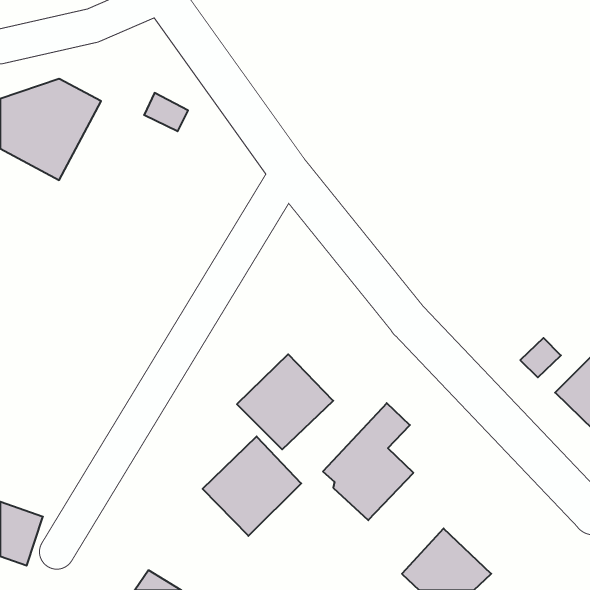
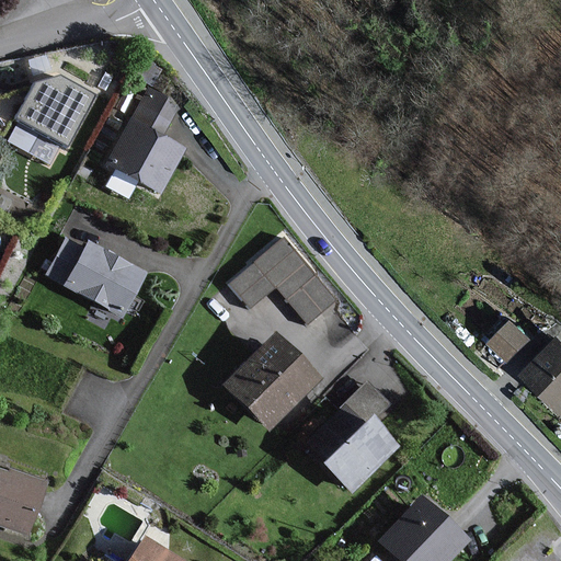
building: none -> [104,119,187,194]
building: none -> [46,236,145,318]
building: none -> [236,240,335,319]
building: [203,436,301,536] -> none

